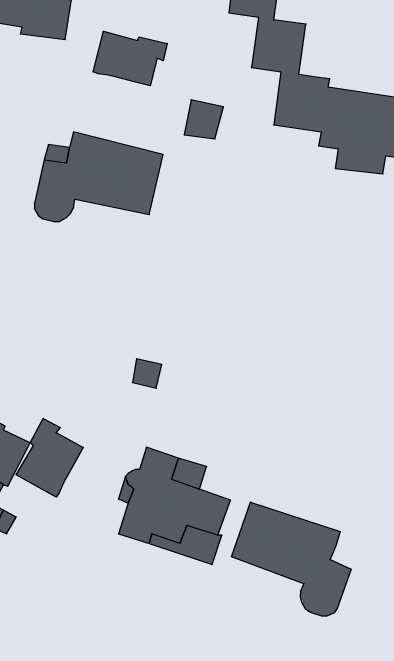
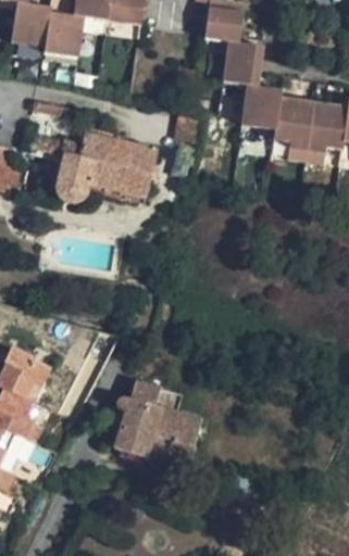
building: [93,31,167,86] -> none
building: [16,418,83,497] -> none
building: [232,502,351,616] -> none

